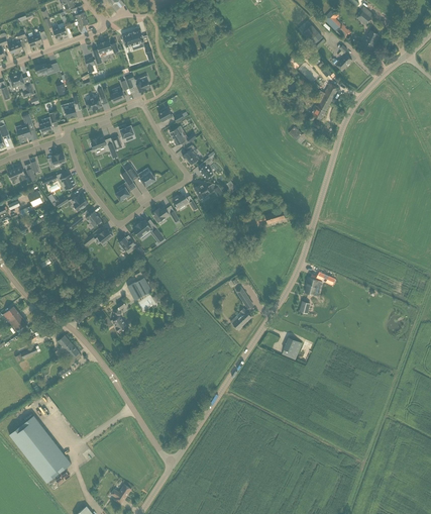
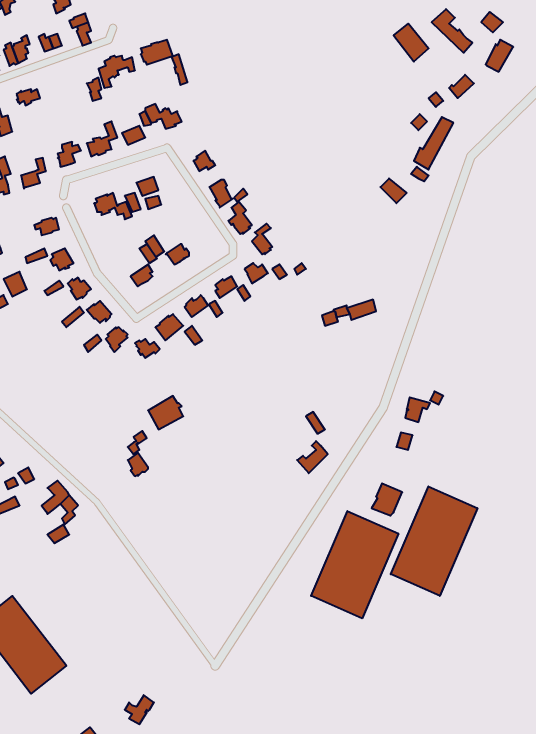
building: none -> [391,486,477,596]
building: none -> [311,511,398,618]

